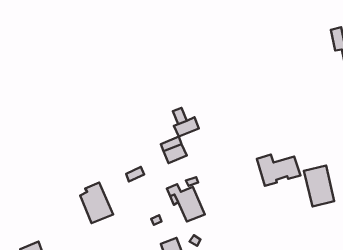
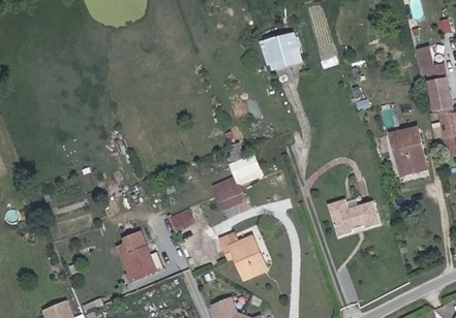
building: none -> [265,32,301,70]
building: [304,166,334,206] -> [390,126,426,174]

